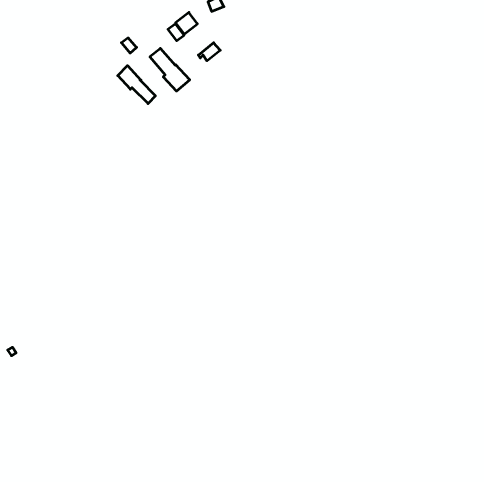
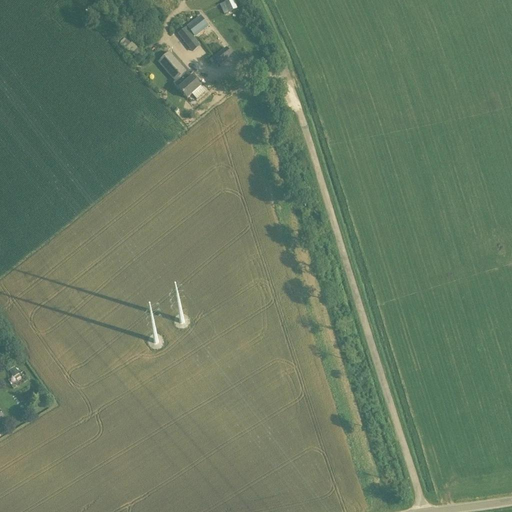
building: [118,66,155,104] -> none

